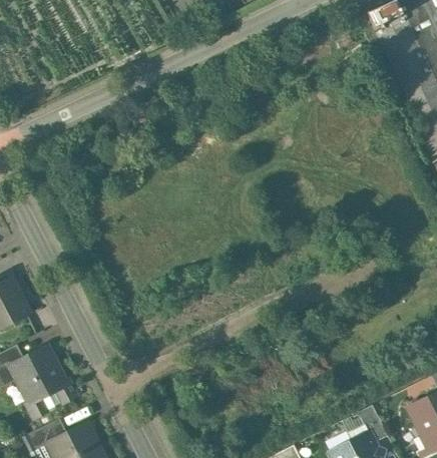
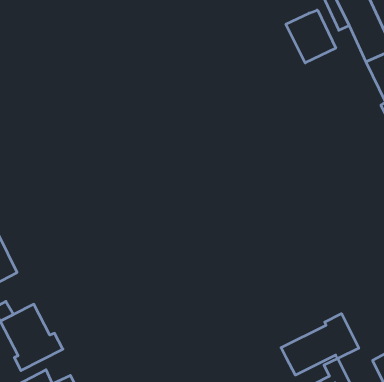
building: none -> [286,10,336,63]
building: none -> [281,314,359,375]

